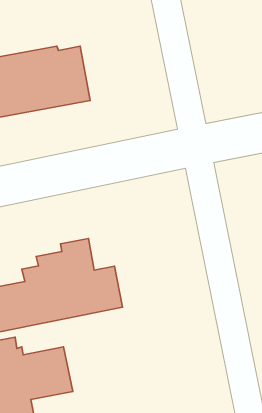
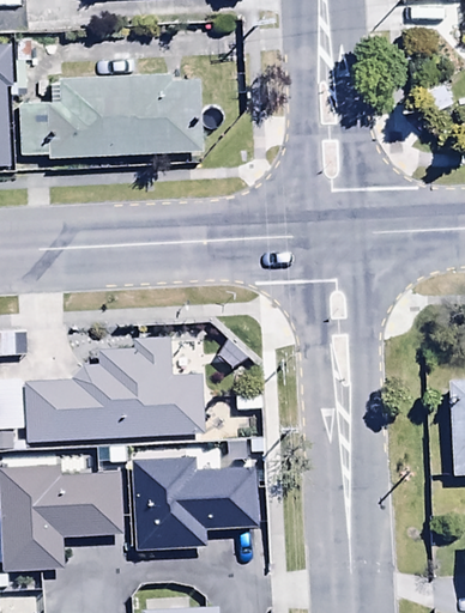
building: none -> [127,457,259,550]

